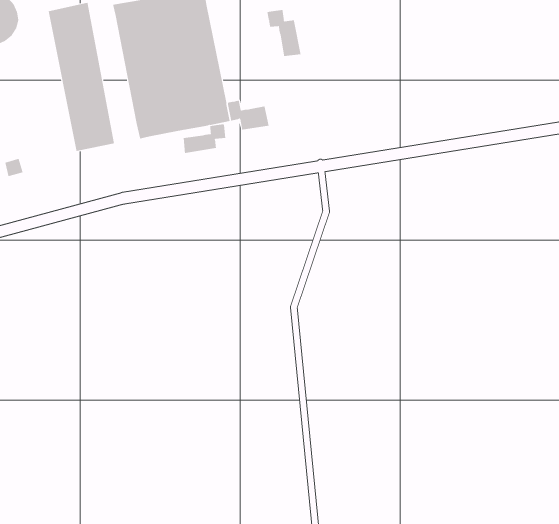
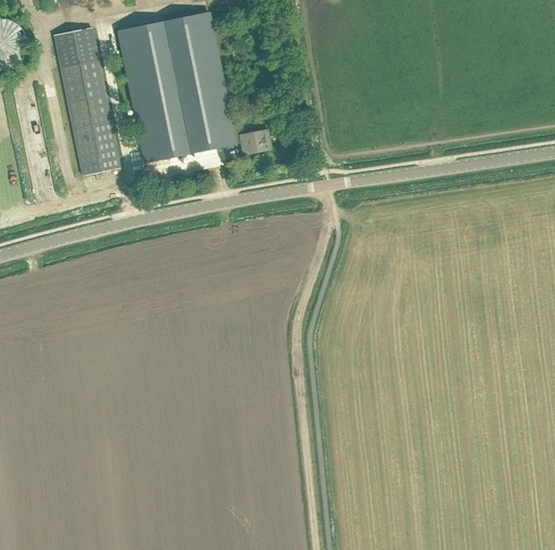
building: [267,9,301,57] -> none
building: [183,123,226,154] -> none

